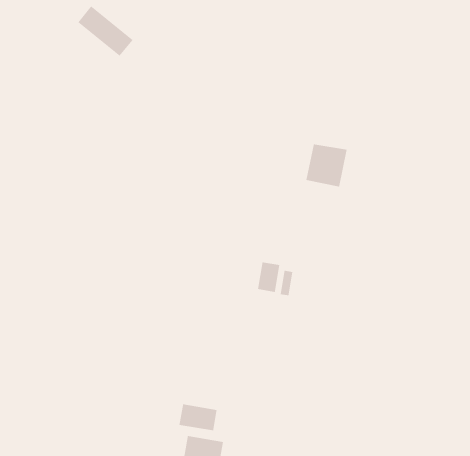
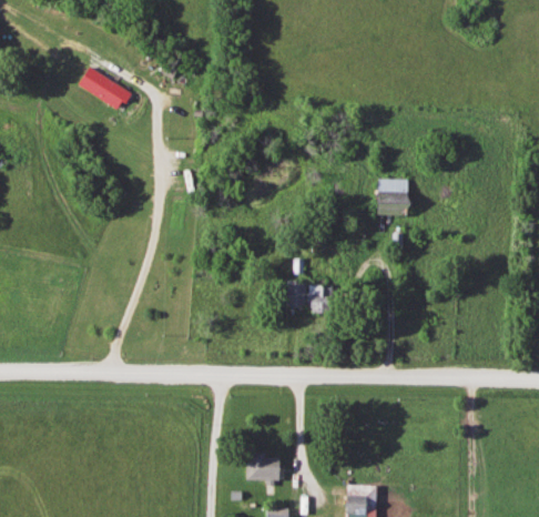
building: [306,144,347,187] -> [375,180,409,216]
building: [179,404,217,431] -> none

